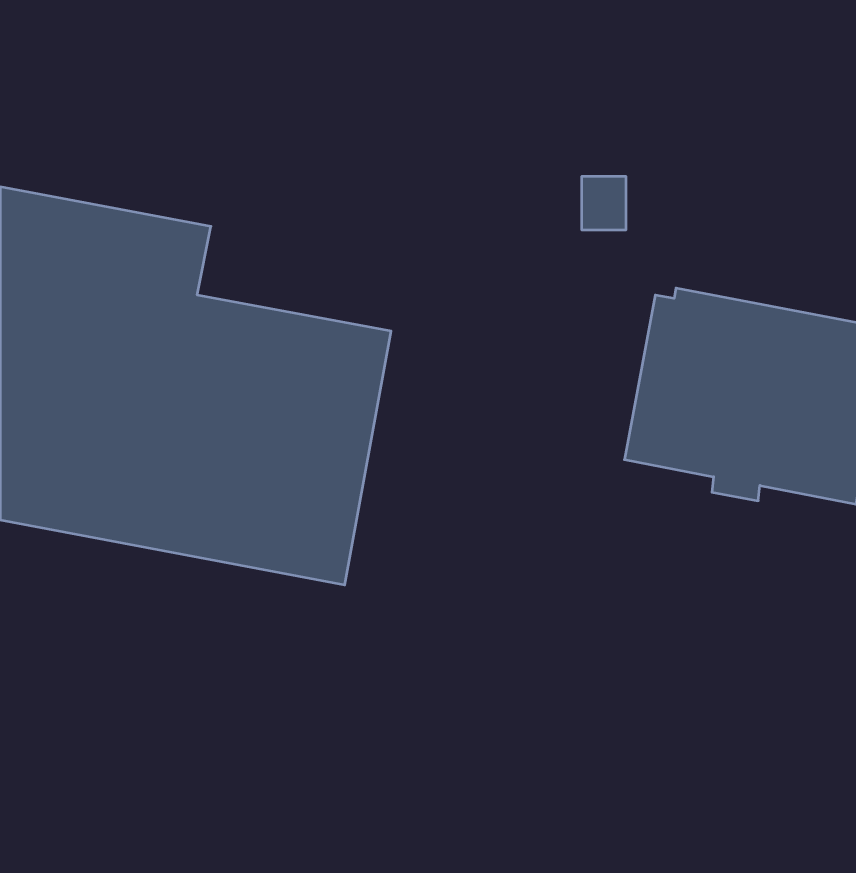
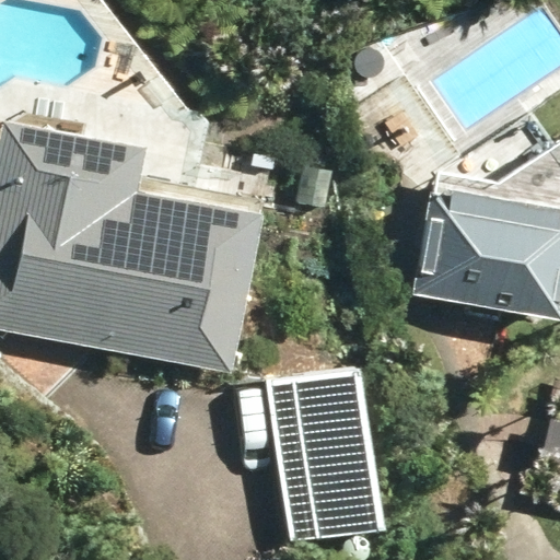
building: none -> [264,362,383,540]

